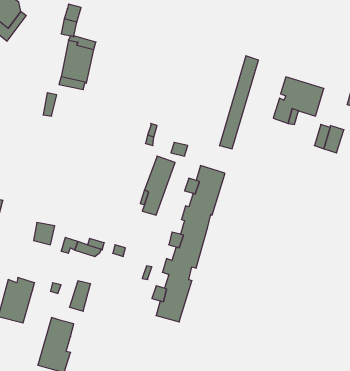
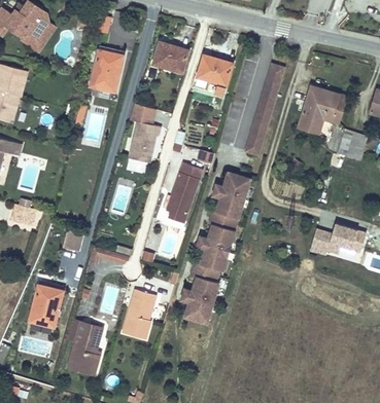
building: none -> [152,42,187,72]
building: none -> [198,54,233,95]
building: none -> [129,100,161,161]
building: none -> [310,223,366,254]
building: none -> [123,288,157,339]

